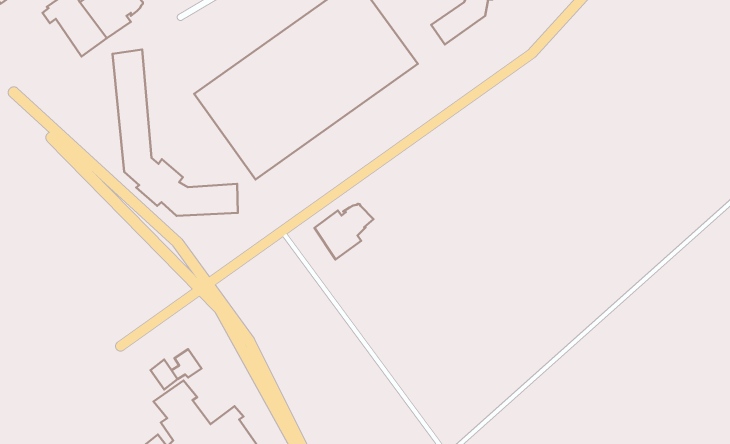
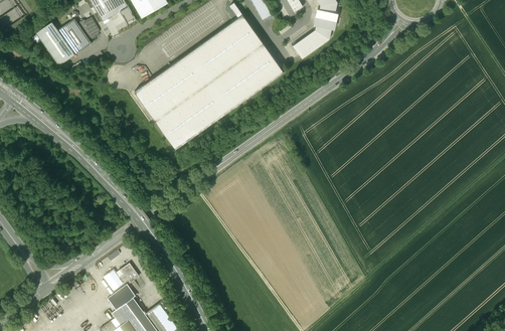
building: [113,49,238,216] -> none
building: [314,204,373,259] -> none

